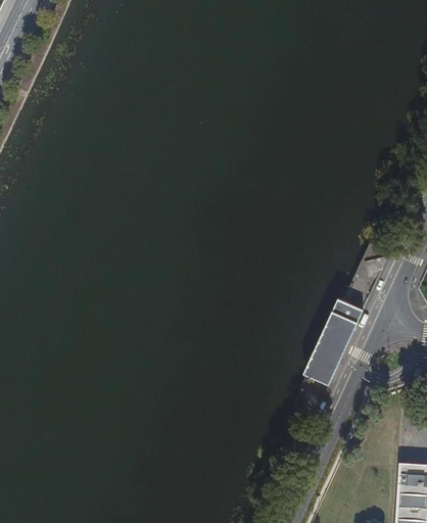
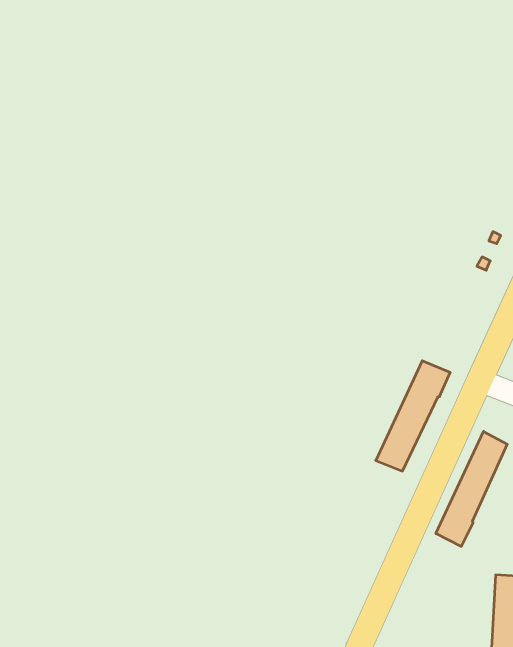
building: none -> [436,431,507,546]

